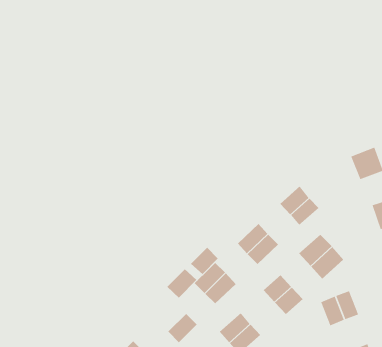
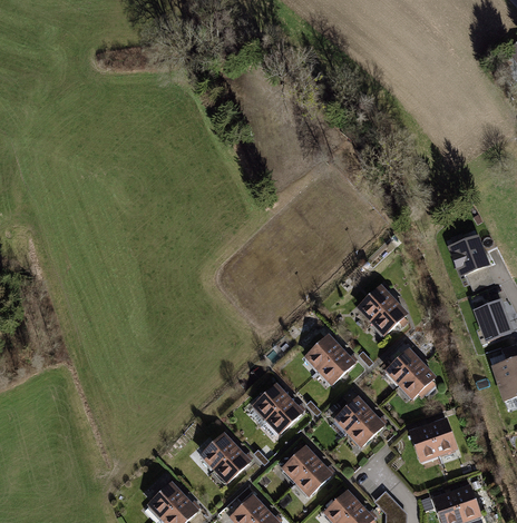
building: [190,247,219,275] -> none
building: [166,268,197,298] -> [199,431,238,468]

